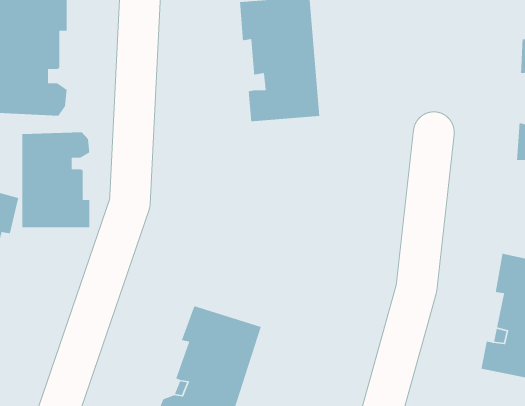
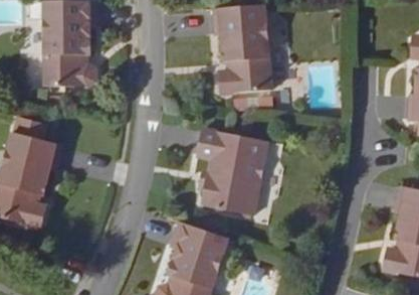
building: [22,131,90,228] -> none
building: none -> [202,129,271,215]

